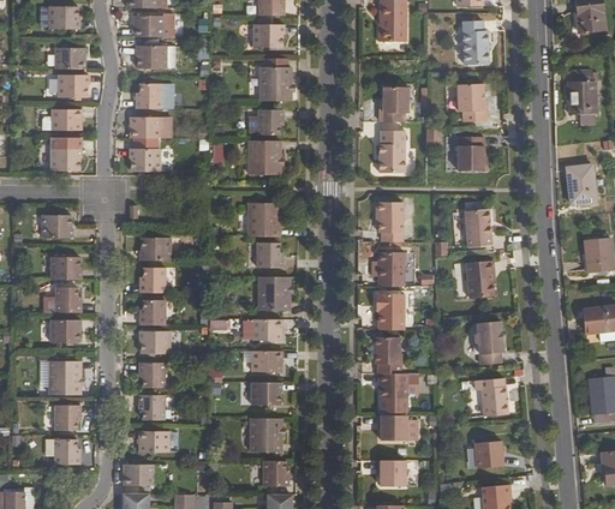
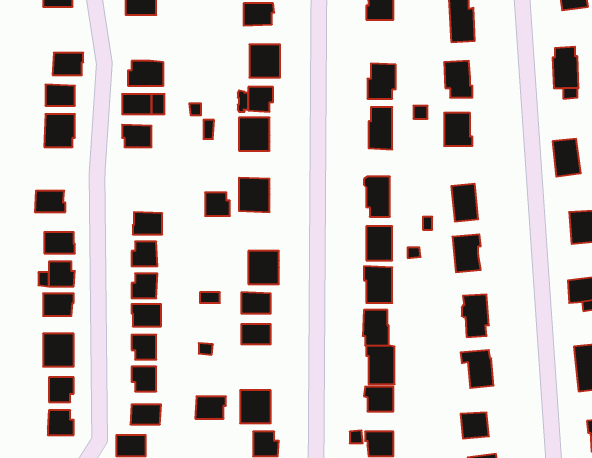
building: [136,46,166,68] -> none
building: [59,48,89,70] -> none
building: [257,244,282,268] -> [205,192,230,216]
building: [251,383,282,406] -> [195,396,226,419]

